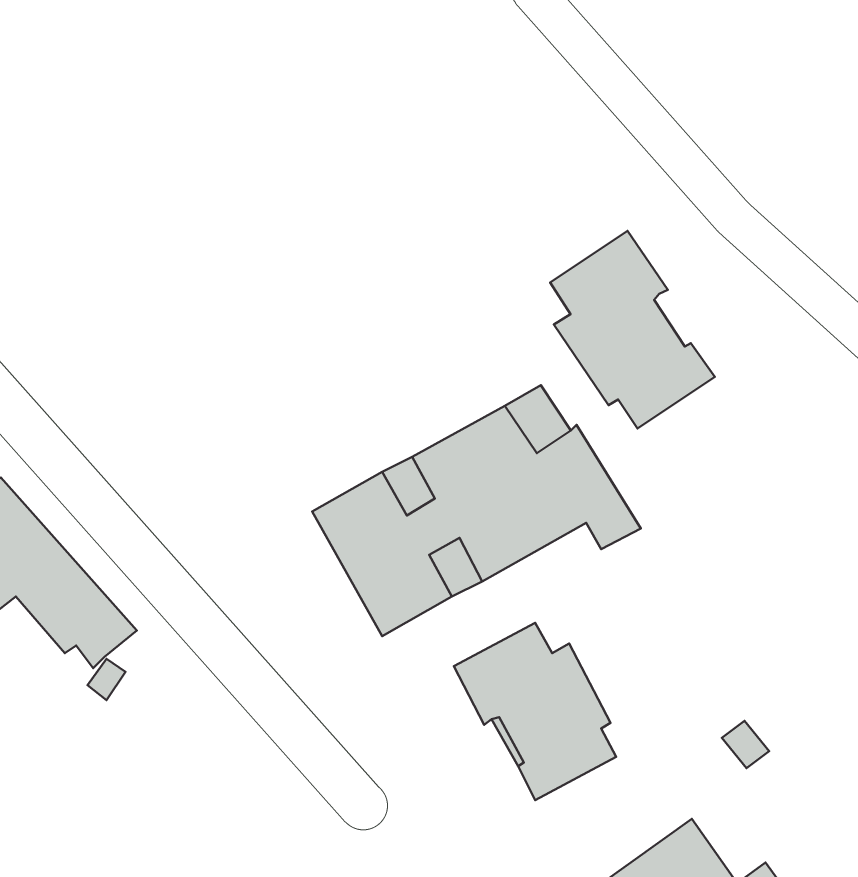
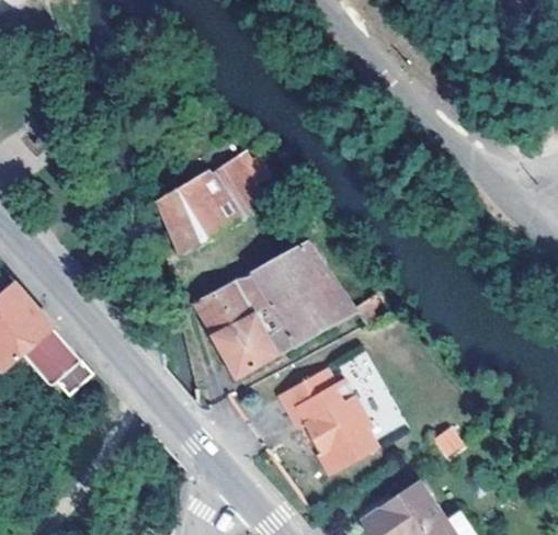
building: [550,231,715,428] -> none
building: none -> [161,160,262,247]

